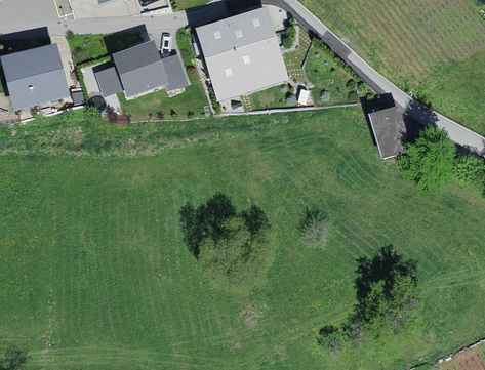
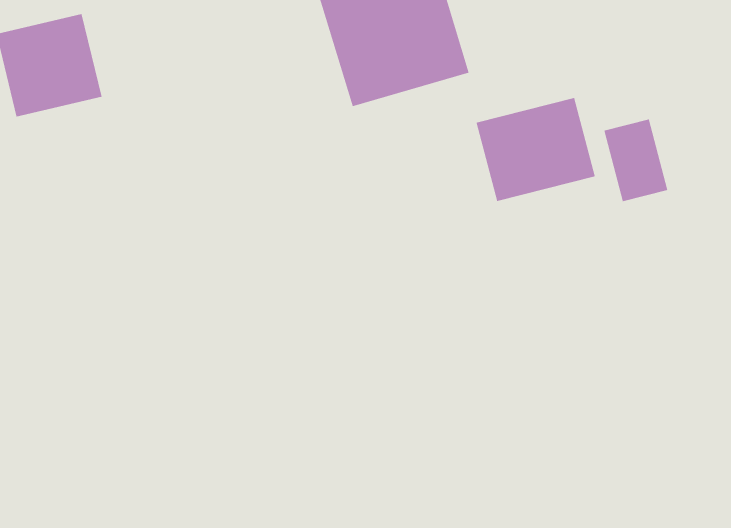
building: [113,41,187,99] -> none
building: none -> [476,97,595,202]

